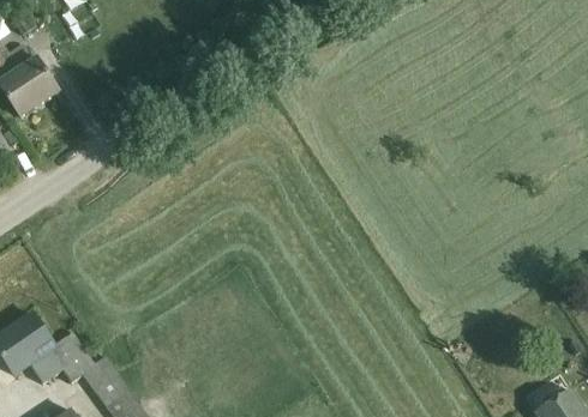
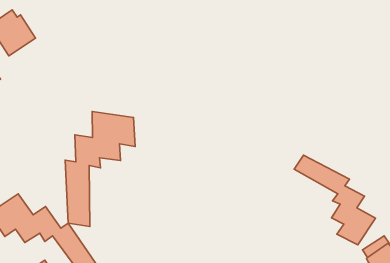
building: none -> [65,111,135,227]
building: none -> [294,155,376,245]

